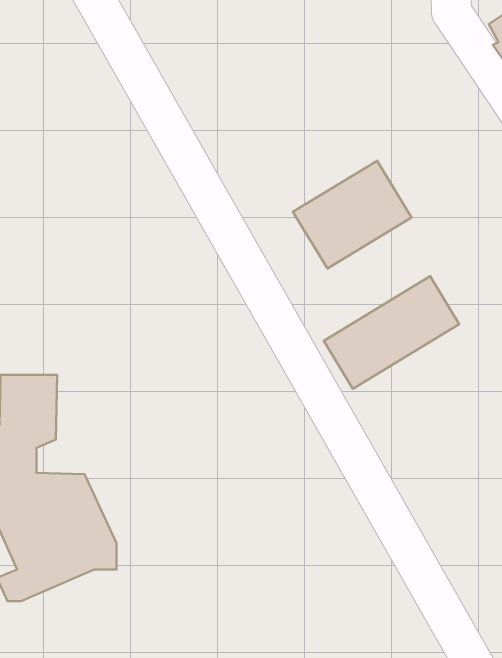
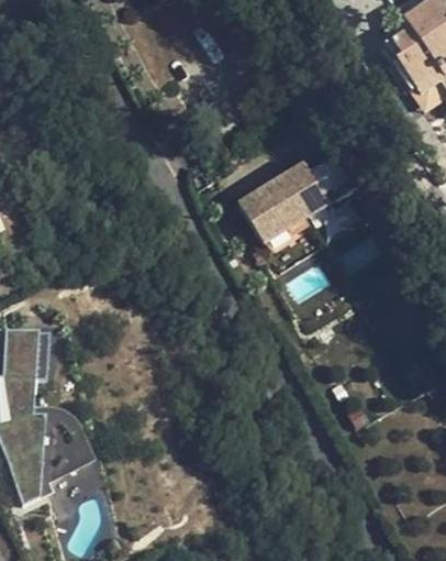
building: [324,276,459,389] -> none

